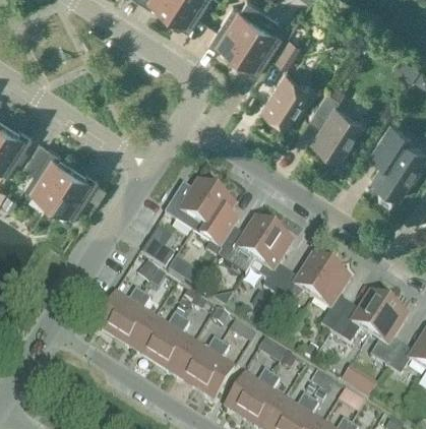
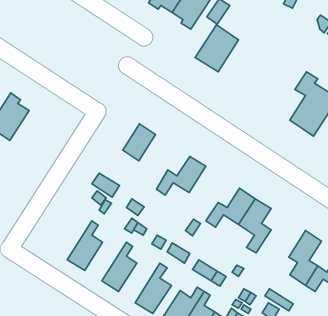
building: [312,80,363,157] -> none
building: [49,166,99,216] -> none
building: [193,193,235,256] -> none
building: [255,230,293,293] -> none
building: [95,288,143,338] -> none
building: [332,292,389,343] -> none
building: [135,313,183,362] -> none
building: [174,338,222,387] -> none

